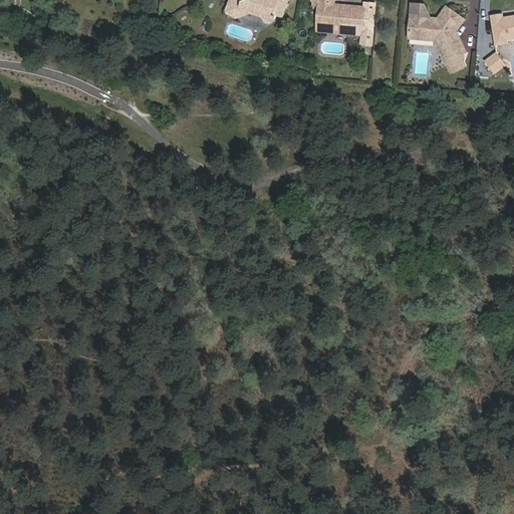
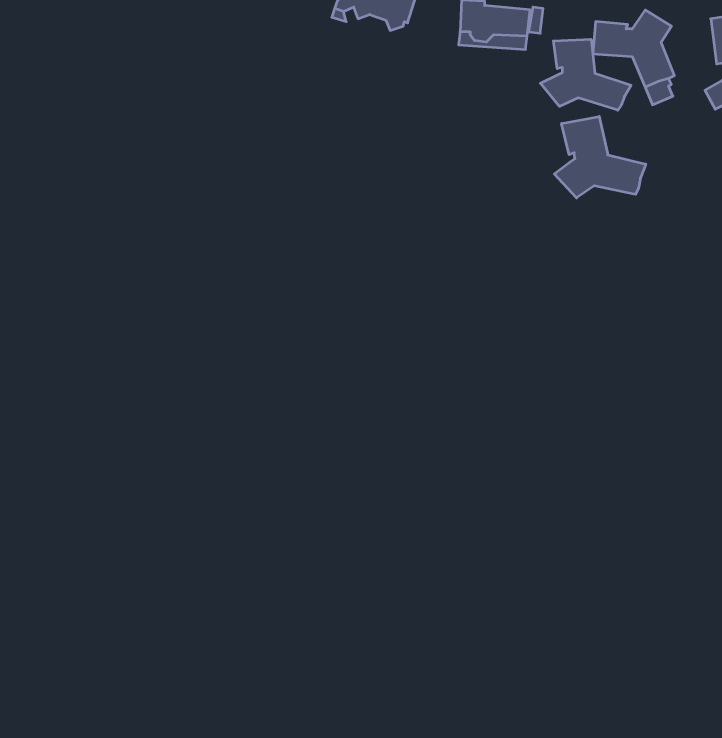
building: none -> [540,39,631,110]
building: none -> [554,116,646,198]

